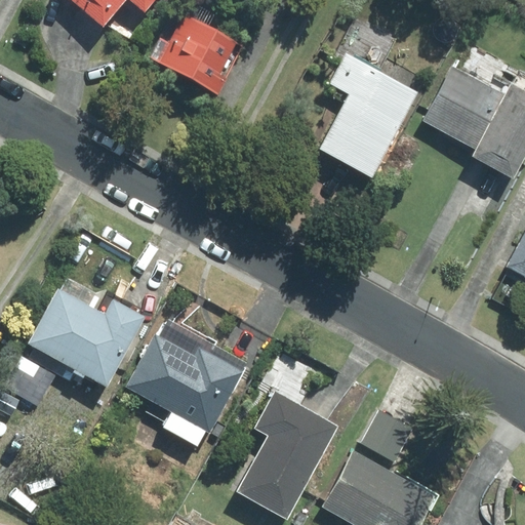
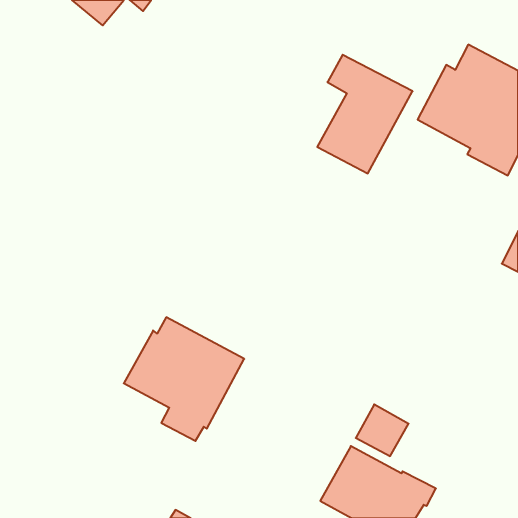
building: [150,14,237,94] -> none
building: [29,278,144,386] -> none
building: [238,392,337,518] -> none

